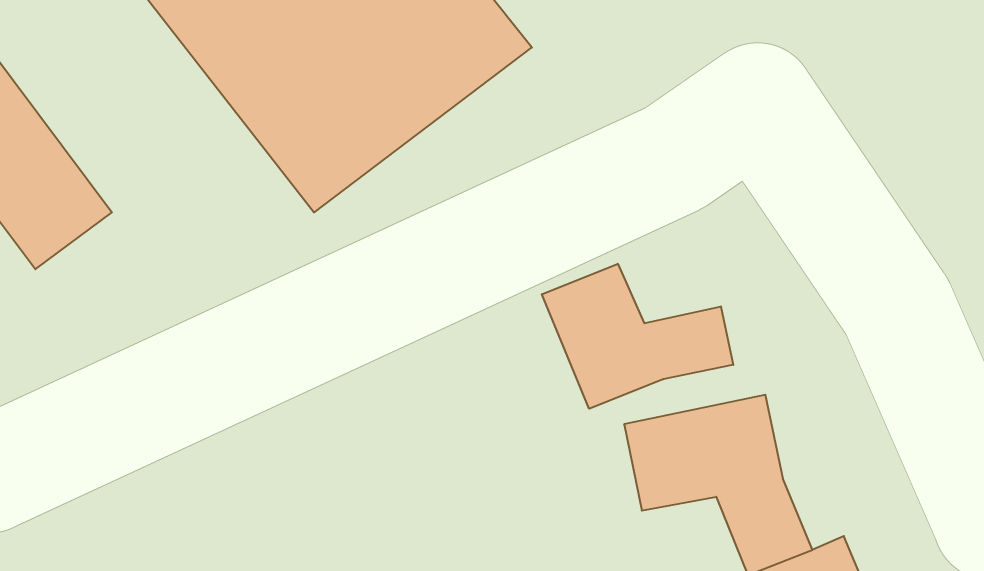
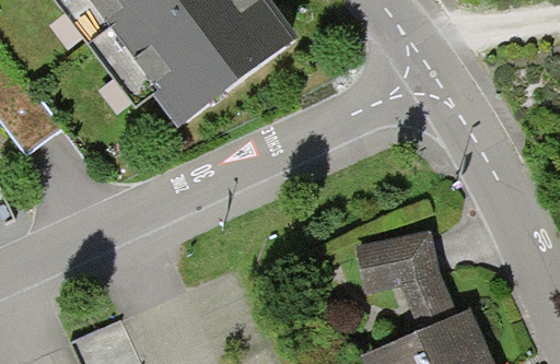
building: [542,264,733,409] -> none

